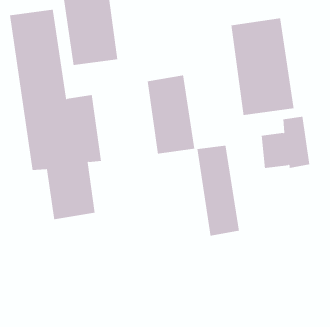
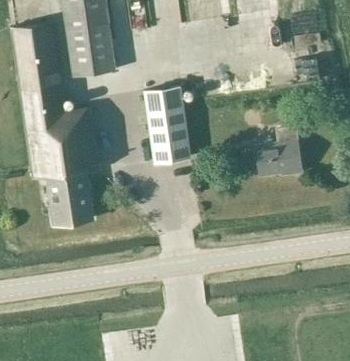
building: [231,18,294,116] -> none
building: [197,145,239,236] -> none

